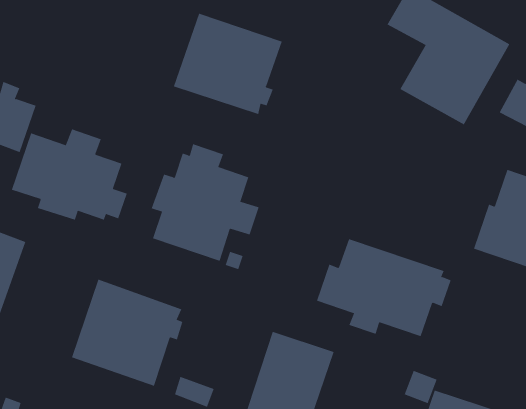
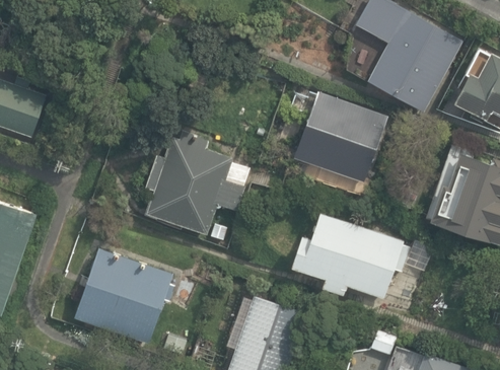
building: [173,13,283,115] -> none
building: none -> [291,88,389,184]
building: [11,129,127,221] -> none

